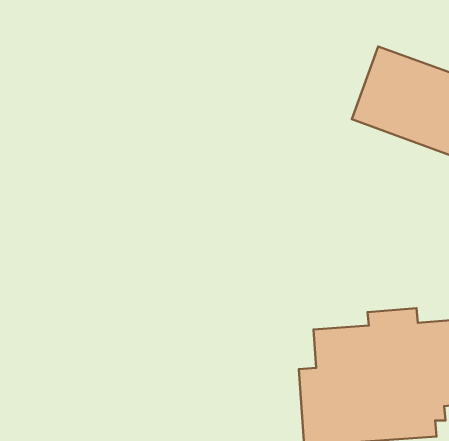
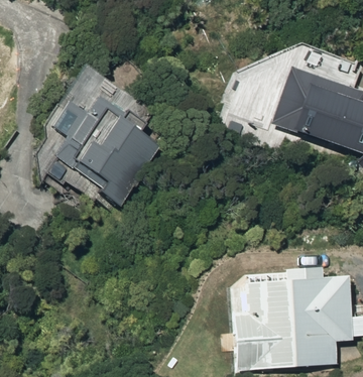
building: none -> [51,94,159,206]

